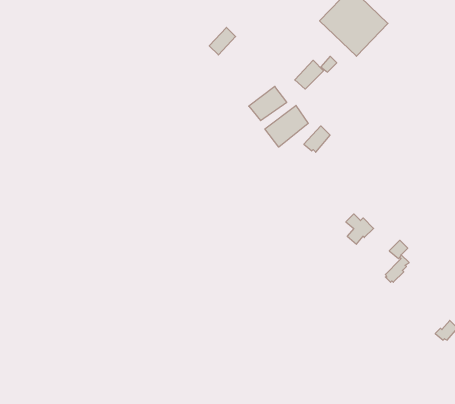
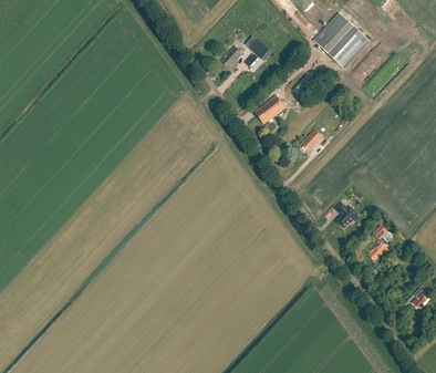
building: [265,105,308,147] -> none

